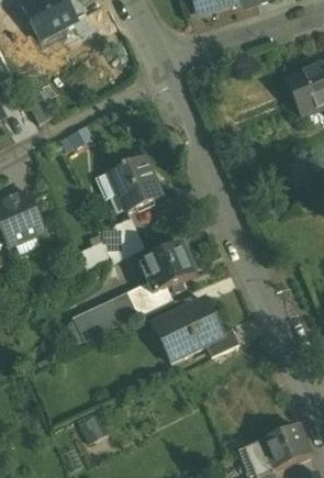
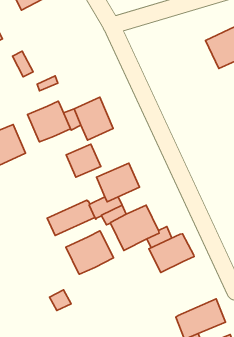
building: none -> [27,101,70,142]
building: none -> [66,231,113,274]
building: none -> [149,234,194,272]

